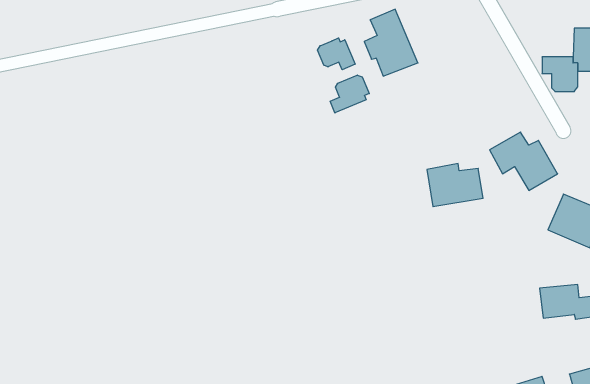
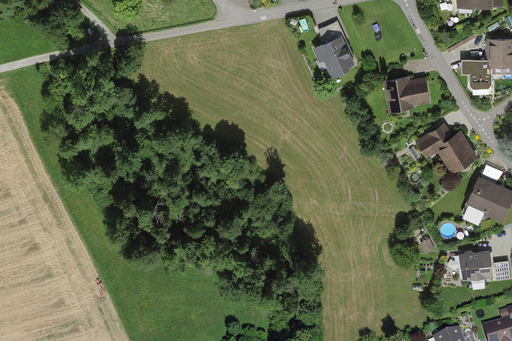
building: [318,38,355,70] -> none
building: [330,75,369,113] -> none
building: [427,164,483,207] -> [383,75,430,111]

